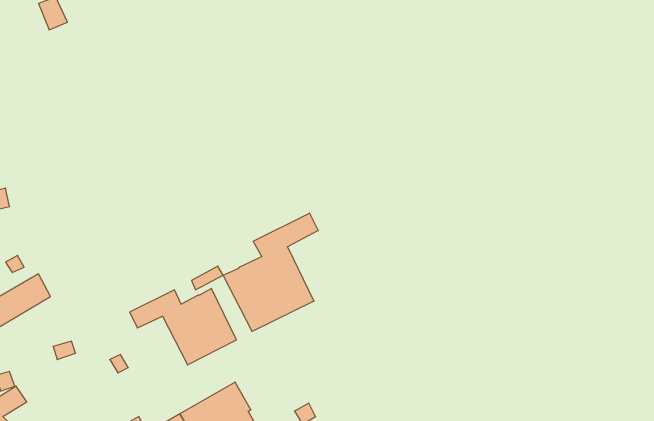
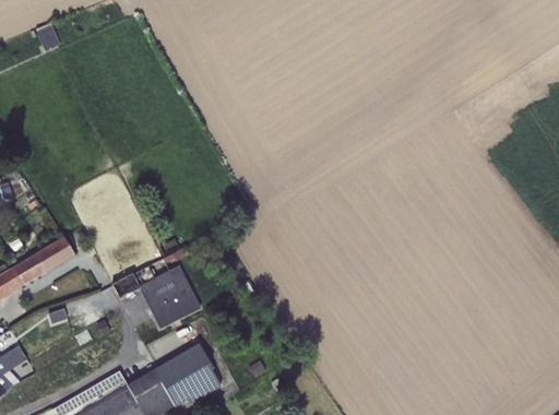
building: [223,213,318,331] -> none
building: none -> [36,237,74,272]

